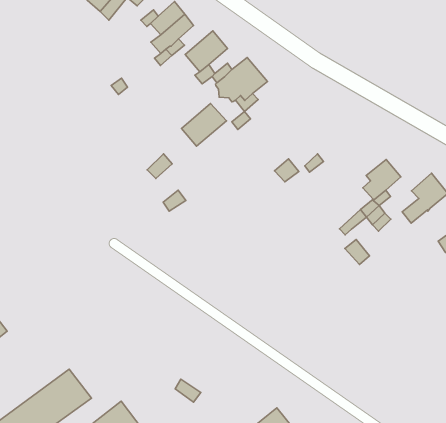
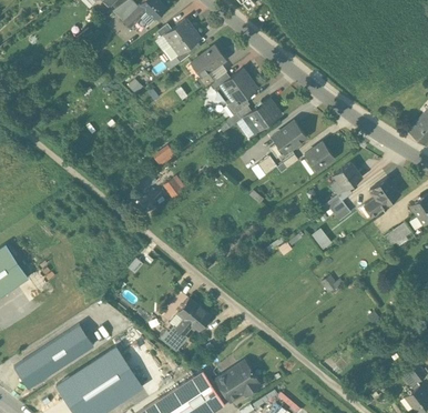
building: [182,103,227,146] -> [244,100,282,134]
building: none -> [273,122,307,154]
building: none -> [305,141,336,171]
building: none -> [176,299,206,335]

